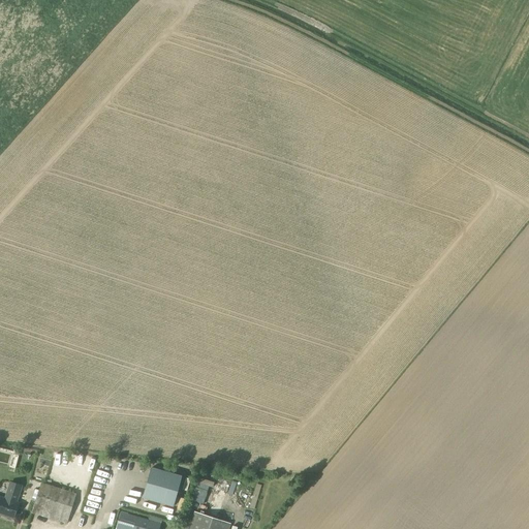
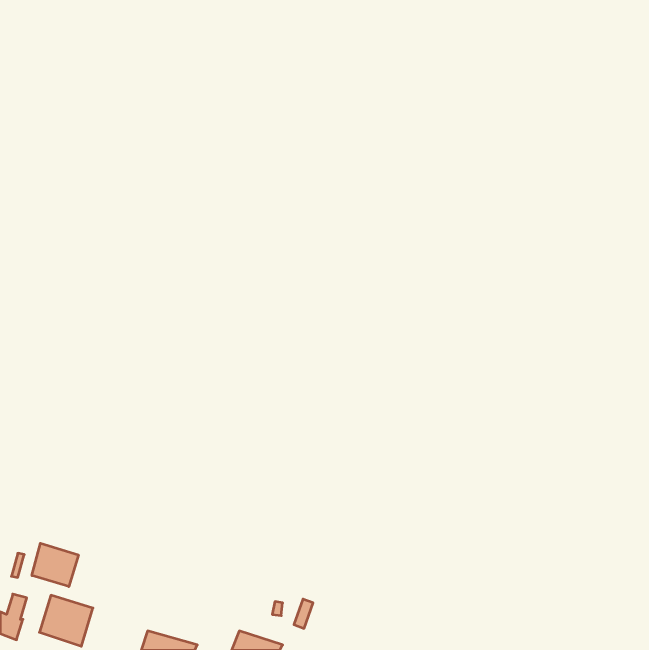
building: none -> [32,543,78,587]
building: [143,468,182,507] -> none

